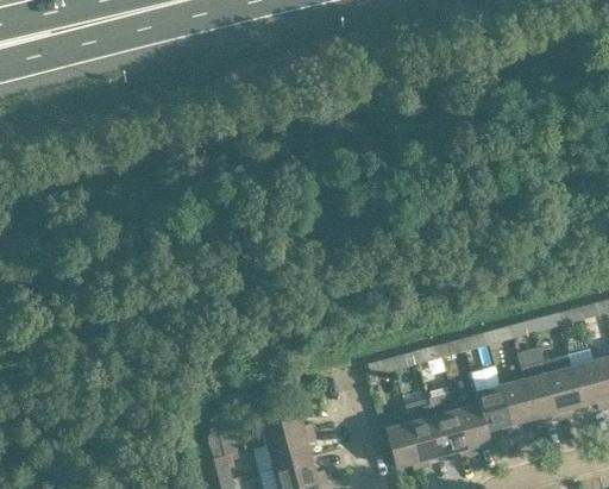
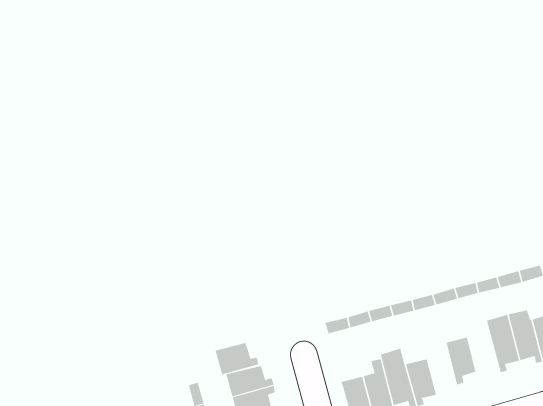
building: [521,362,560,425] -> none
building: none -> [215,342,259,375]
building: [478,385,513,433] -> none

